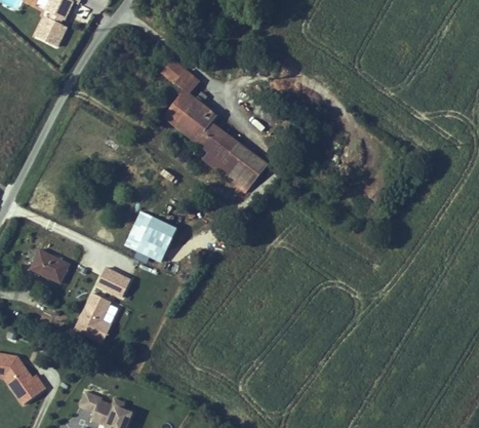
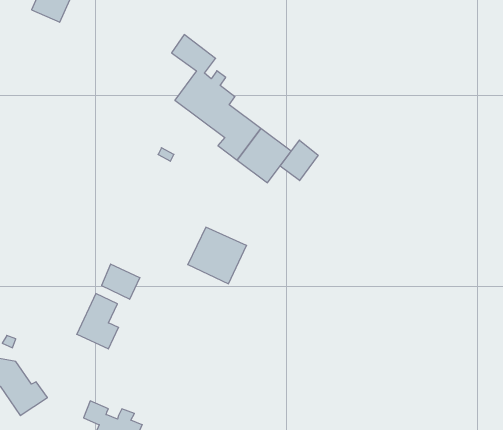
building: none -> [280,140,318,181]
building: [123,210,176,262] -> [188,227,247,284]
building: [29,248,70,283] -> none

